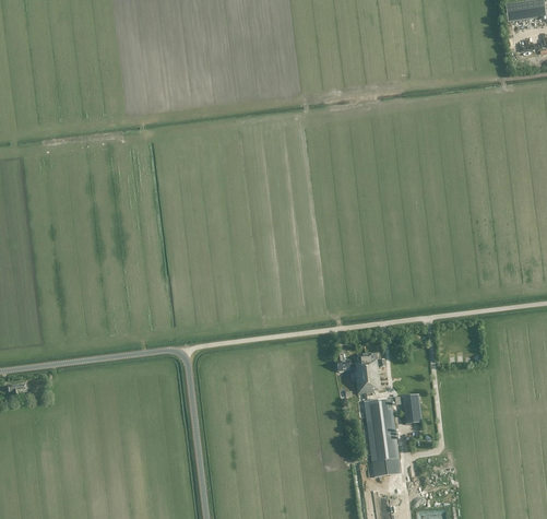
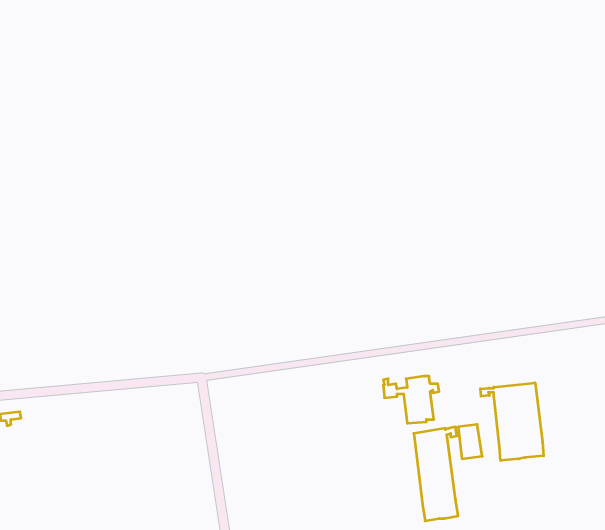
building: none -> [480,383,544,461]

